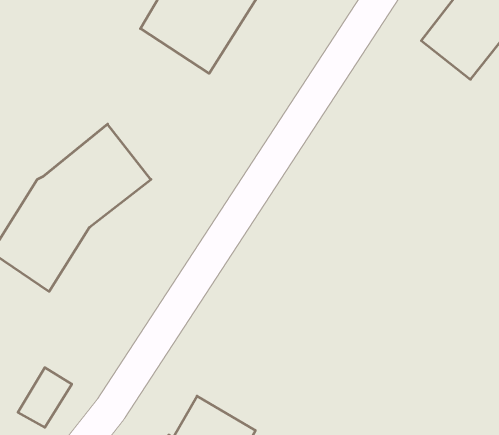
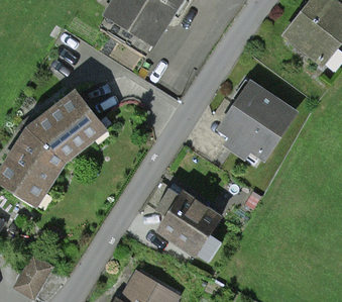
building: none -> [207,84,298,176]
building: none -> [154,187,220,261]

